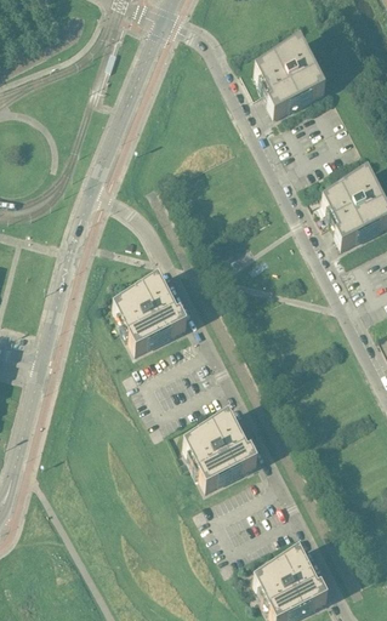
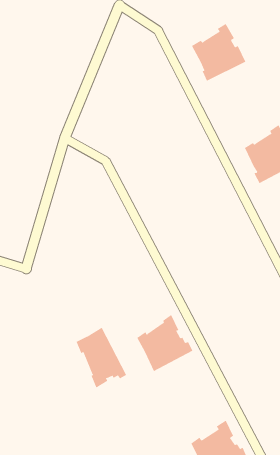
building: [113,274,186,348] -> none
building: none -> [76,327,127,388]

